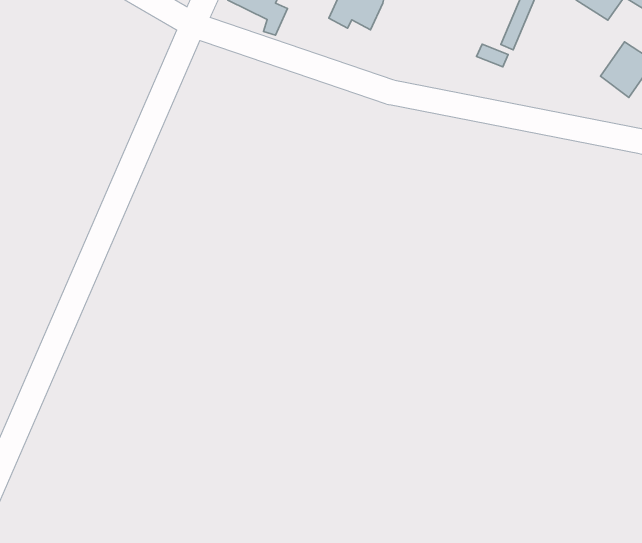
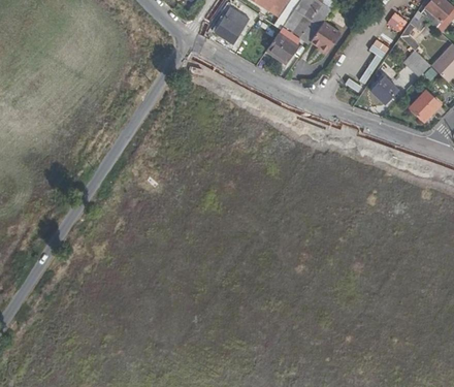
building: none -> [370,76,398,104]

